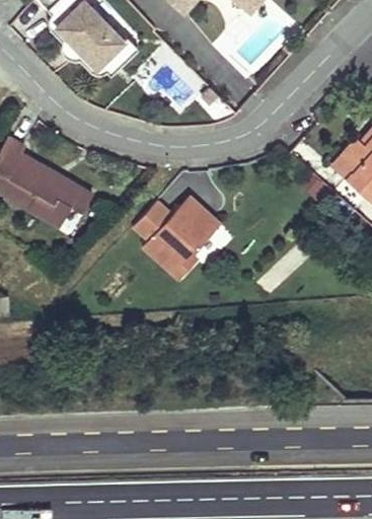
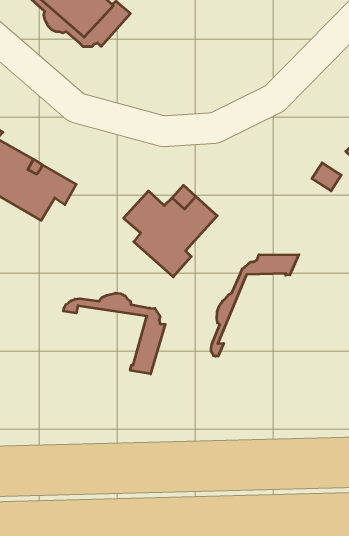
building: none -> [211,255,299,356]
building: none -> [63,293,165,374]

